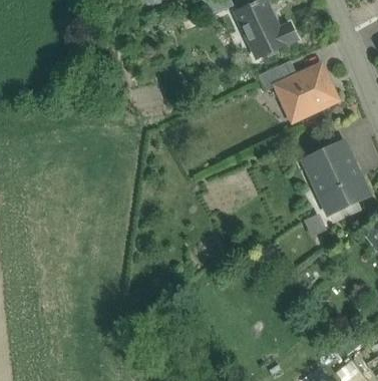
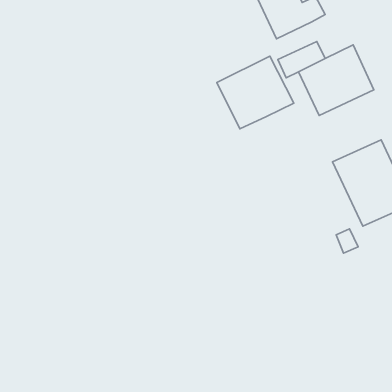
building: none -> [217,56,294,129]

